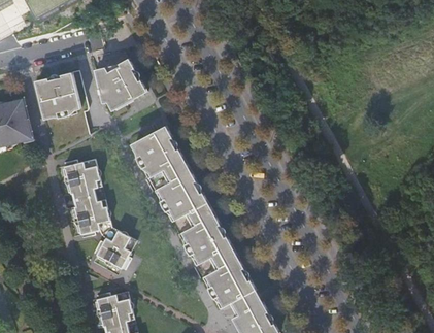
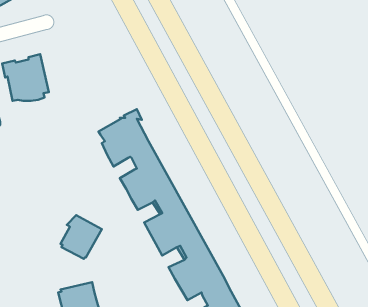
building: [97,56,151,106] -> none
building: [61,159,110,236] -> none

